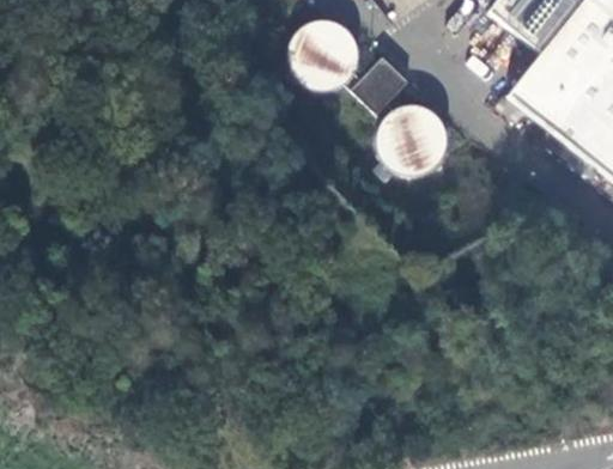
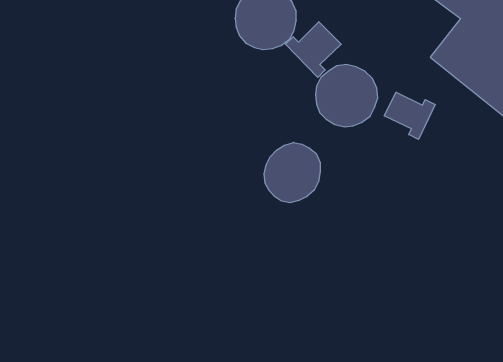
building: none -> [384,92,435,139]
building: none -> [264,142,320,203]

